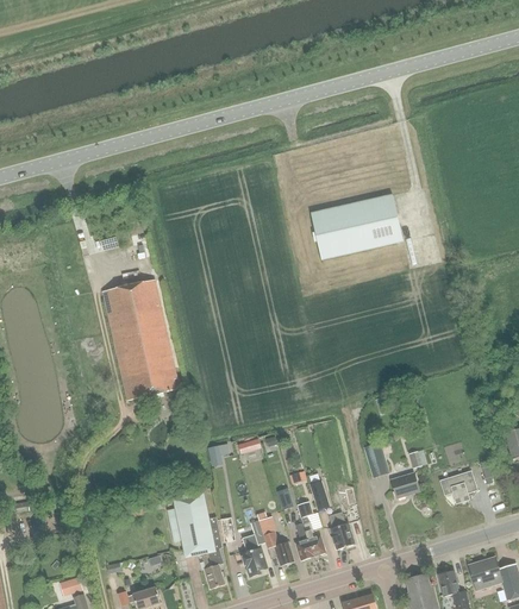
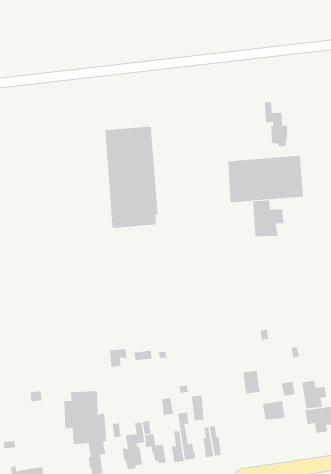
building: none -> [265,101,288,147]
building: none -> [252,200,284,237]
building: [101,278,176,400] -> [104,126,158,228]
building: none -> [302,380,327,409]

